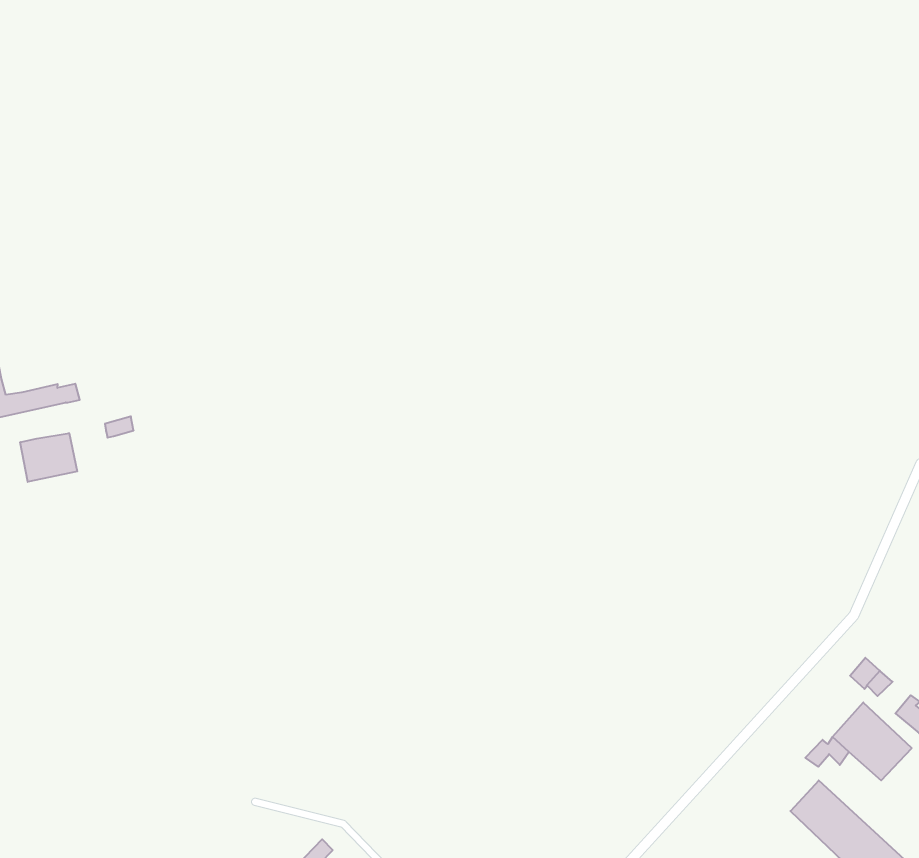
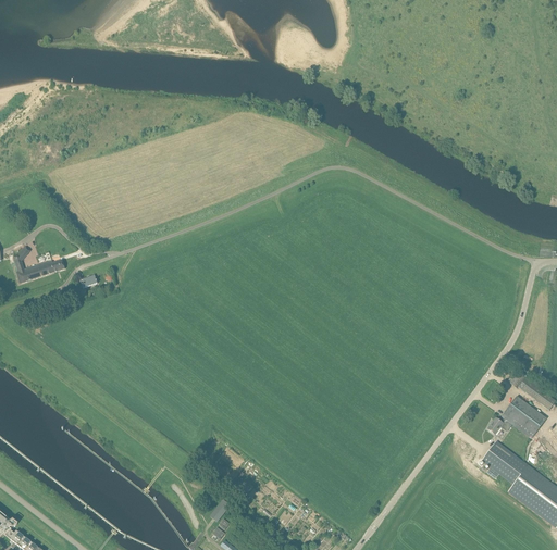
building: [20,433,77,482] -> none

